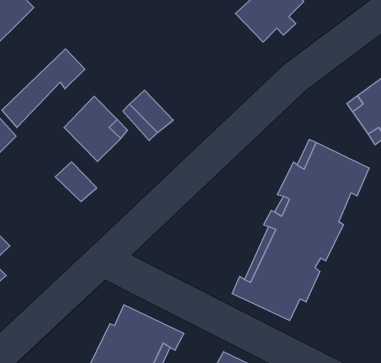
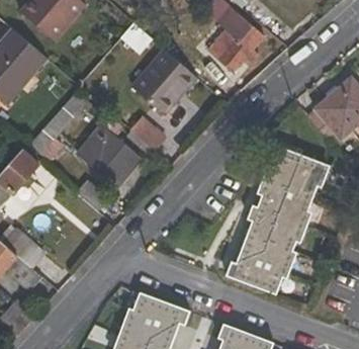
building: none -> [130,50,196,116]

